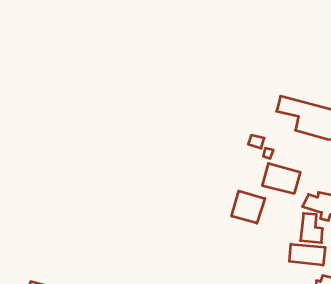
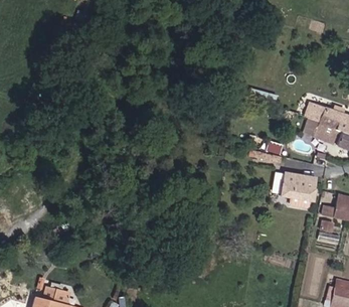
building: [232,191,265,223] -> none
building: [289,244,325,265] -> none

